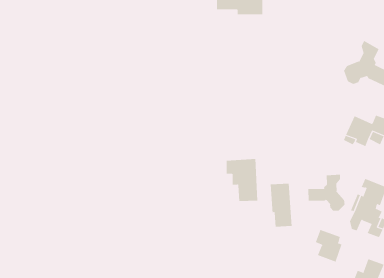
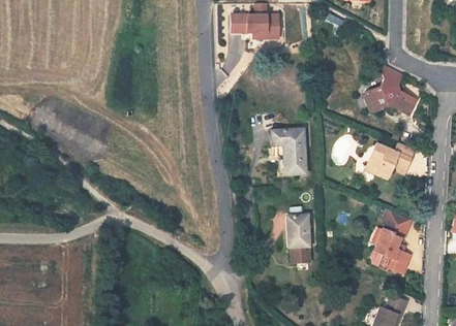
building: [226,159,258,202] -> [272,129,306,174]
building: [308,174,345,212] -> none
building: [315,229,342,263] -> none

